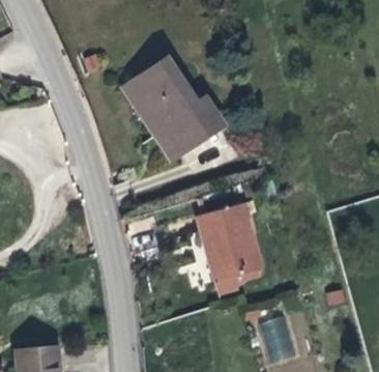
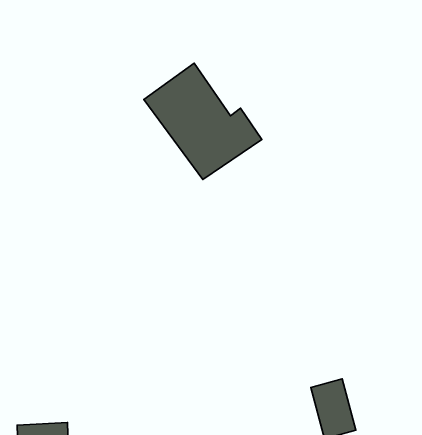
building: [200,209,261,286] -> none

